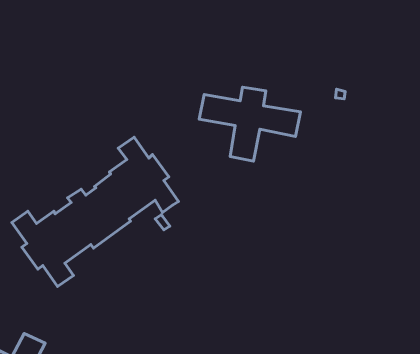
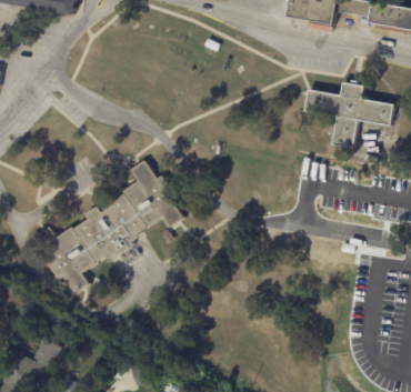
building: [199,87,301,161] -> [302,82,393,149]

